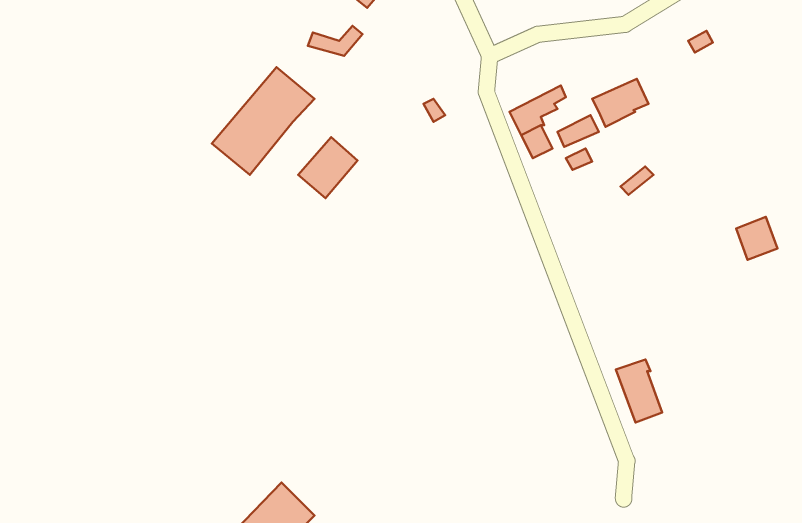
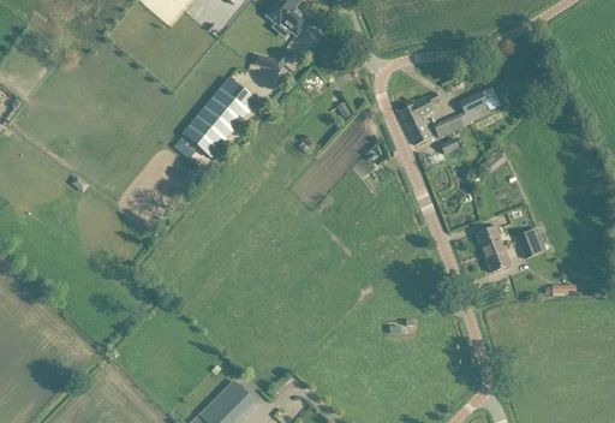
building: [298,137,358,198] -> none
building: [736,217,777,260] -> [515,227,545,258]
building: [616,360,662,422] -> [474,226,508,272]

